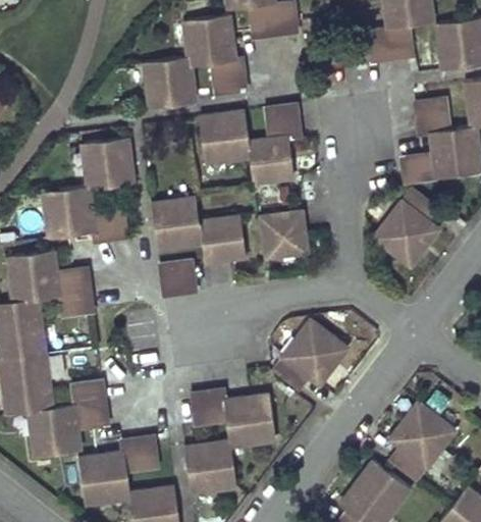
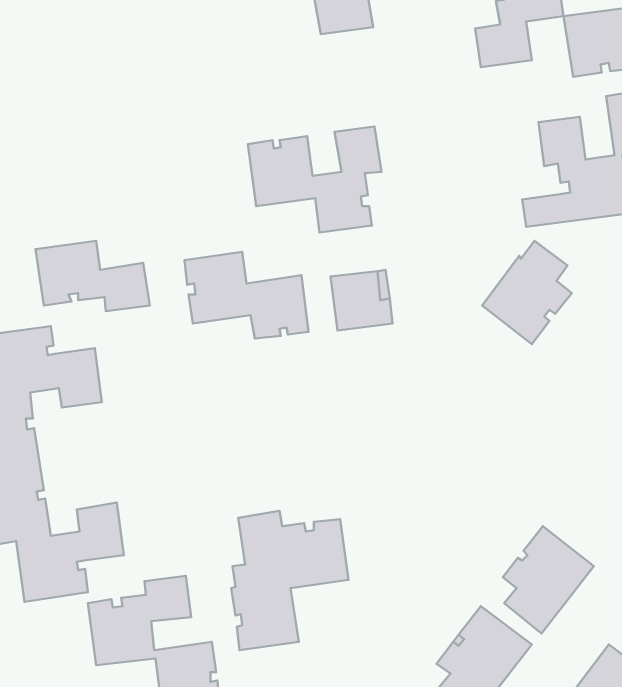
building: [144,15,246,107] -> none
building: [82,139,135,189] -> none
building: [161,261,196,295] -> none
building: [274,319,348,388] -> none

